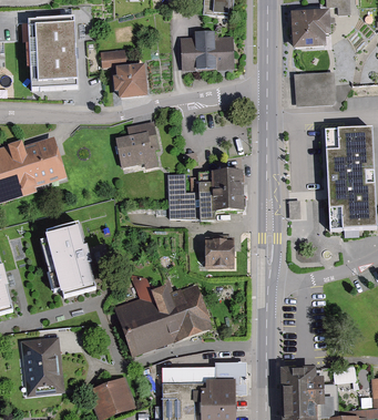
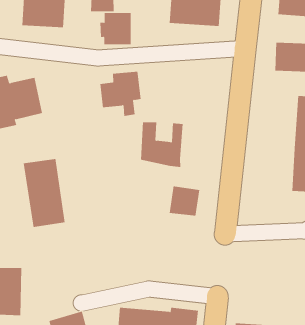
building: [208,170,239,207] -> none
building: [114,287,211,355] -> none

